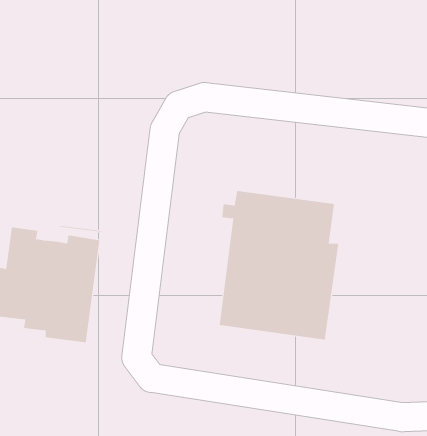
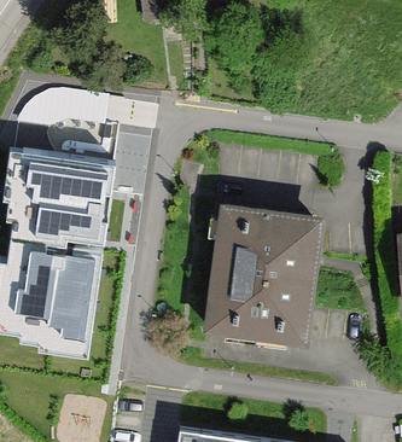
building: none -> [17,151,115,245]

